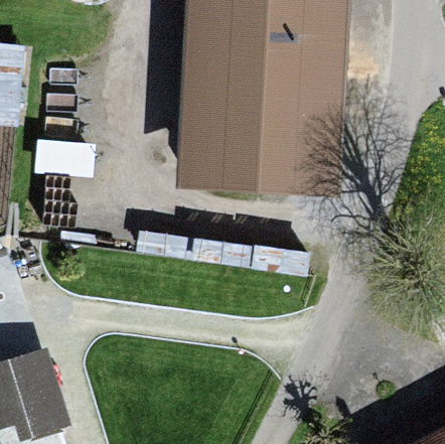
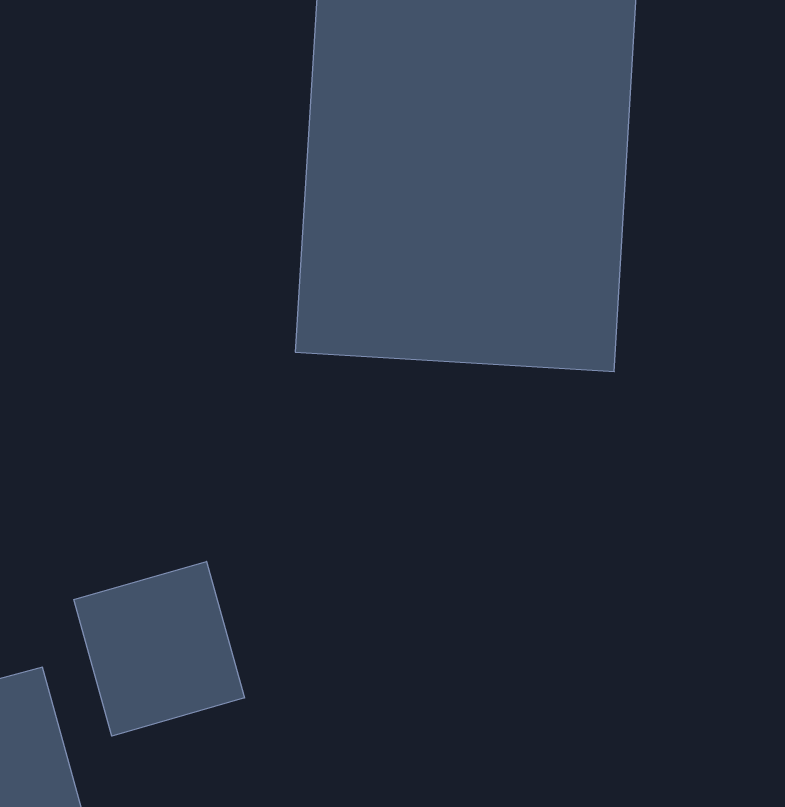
building: none -> [74,561,245,736]

